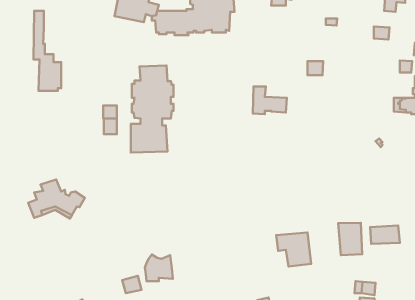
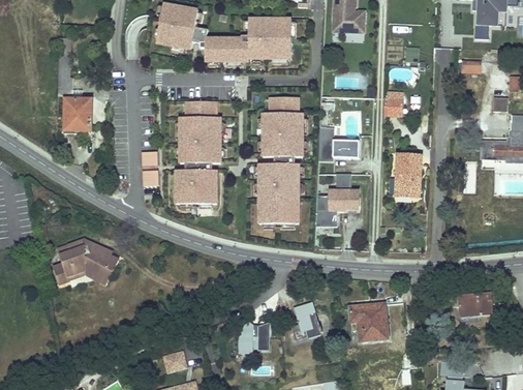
building: none -> [255,94,306,226]
building: none -> [395,153,421,196]
building: none -> [317,174,358,224]
building: [338,223,362,255] -> none
building: none -> [289,301,322,340]
building: [145,254,173,281] -> [241,319,274,351]

